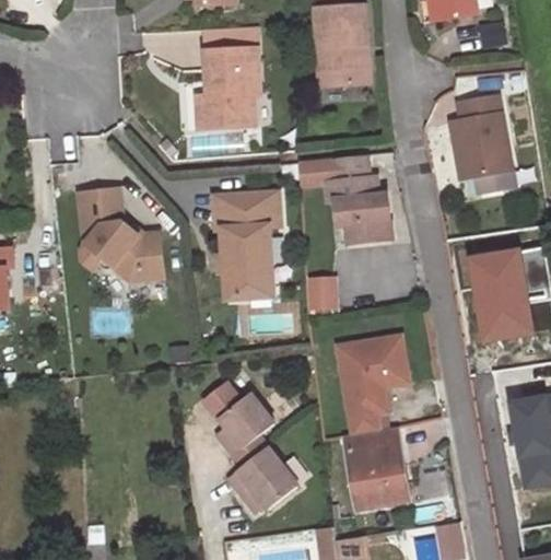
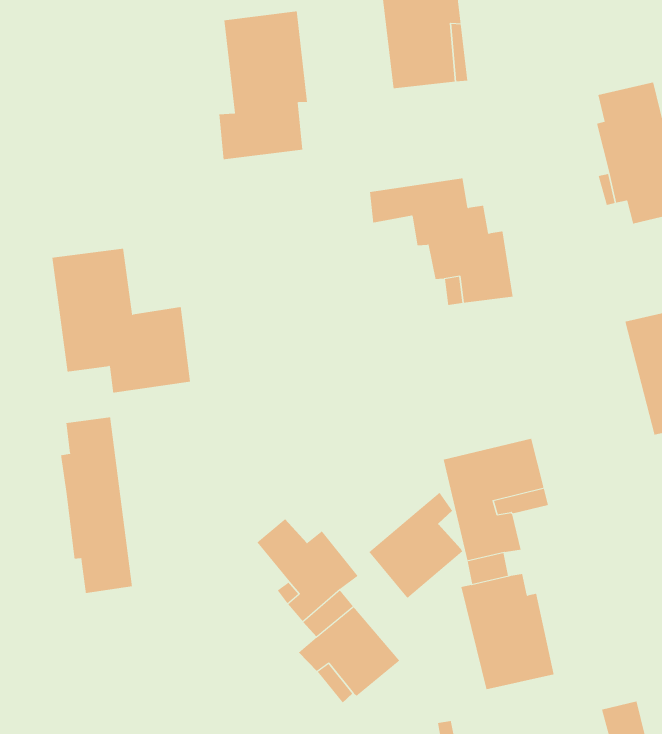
building: [214,194,281,301] -> none
building: [304,277,337,313] -> none
building: none -> [60,416,133,594]
building: none -> [369,492,463,599]

